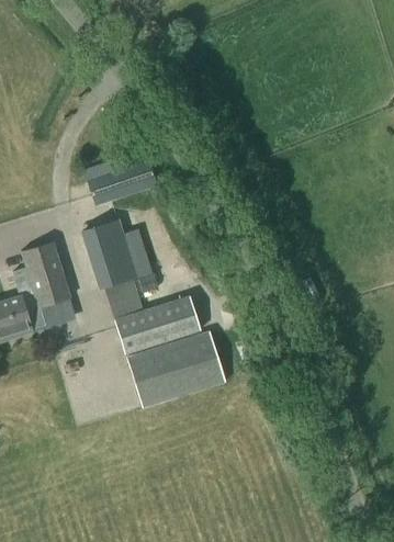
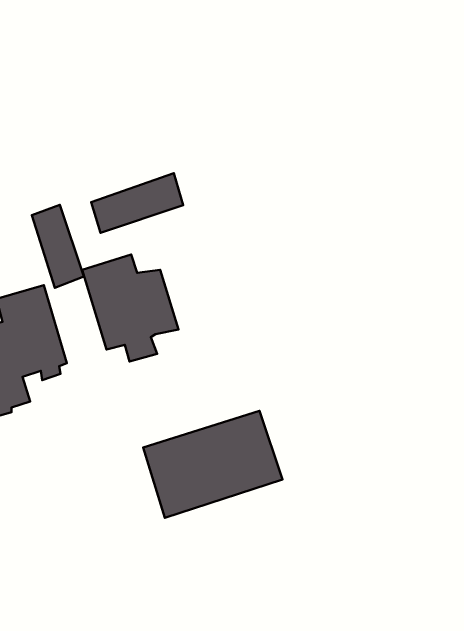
building: none -> [32,205,84,288]
building: [114,296,201,353] -> none

